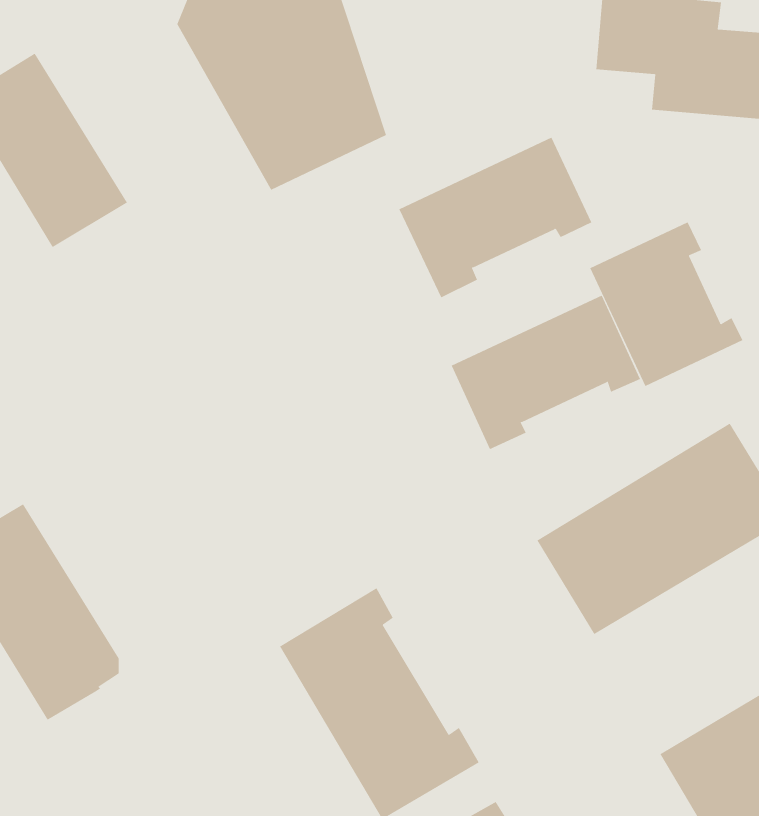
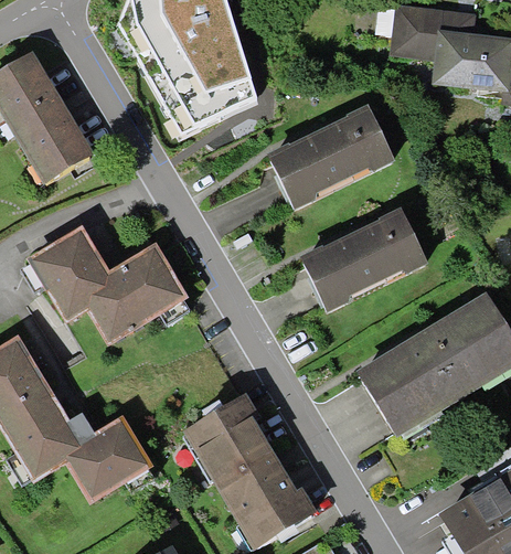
building: [590,222,743,387] -> none
building: none -> [32,235,191,350]
building: none -> [68,420,155,505]

